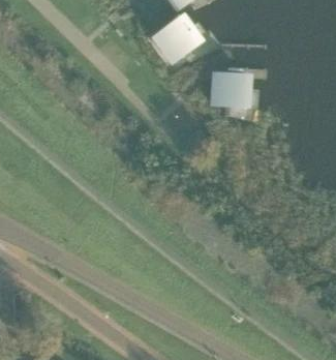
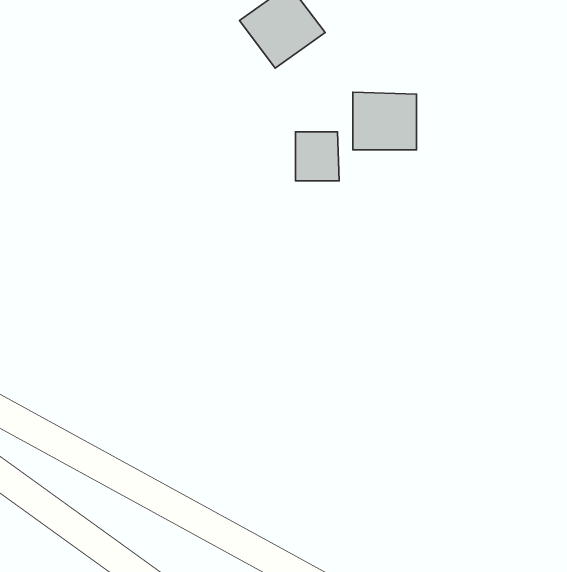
building: none -> [296,132,339,181]

